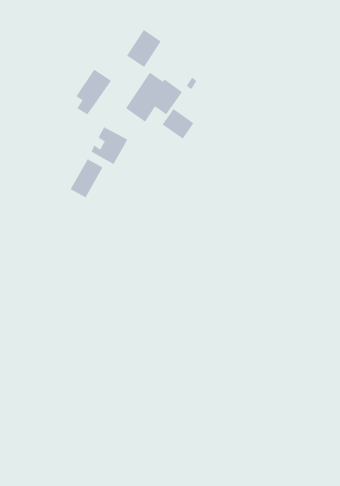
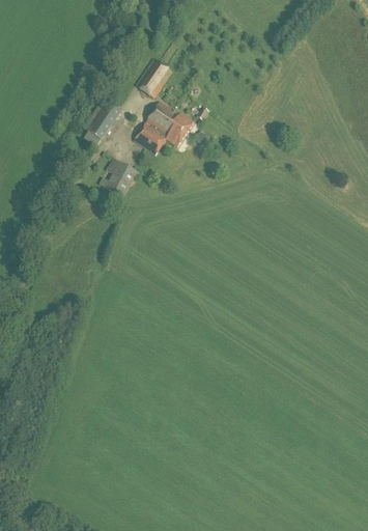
building: [162,108,194,139] -> none
building: [70,158,103,198] -> none

